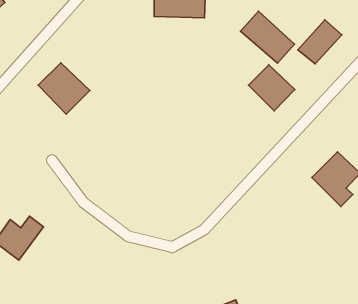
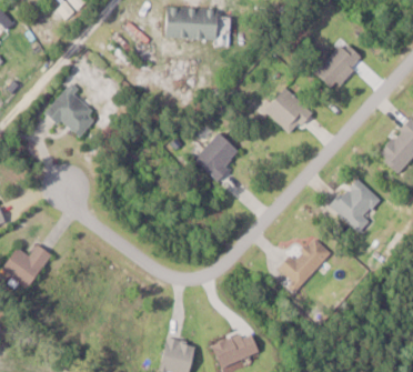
building: [241,11,295,63] -> none
building: none -> [194,132,242,180]
building: none -> [280,237,331,288]

